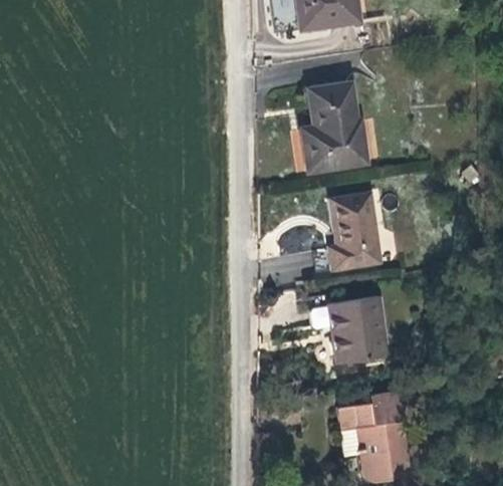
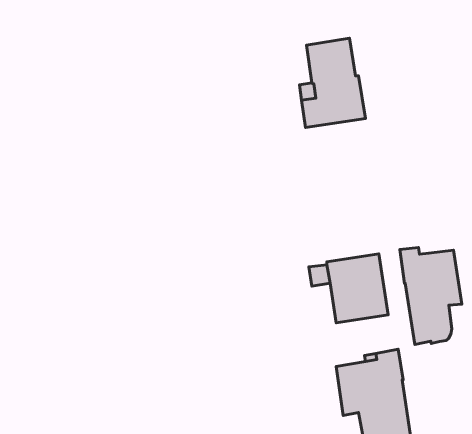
building: [328,193,382,270] -> none
building: none -> [400,248,462,345]

